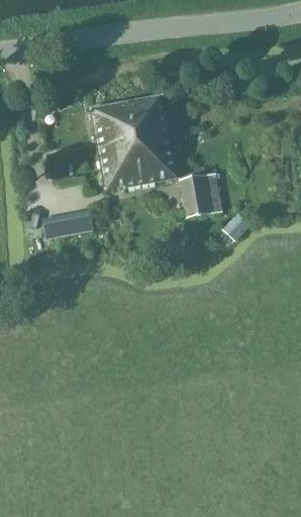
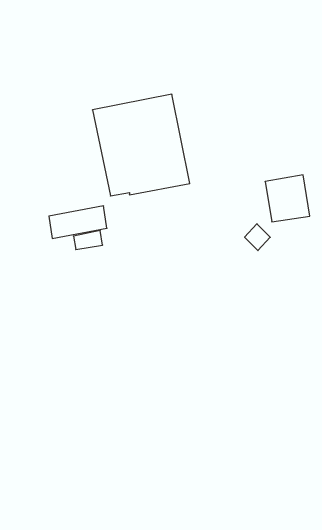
building: [181,173,221,215] -> [265,175,310,222]

